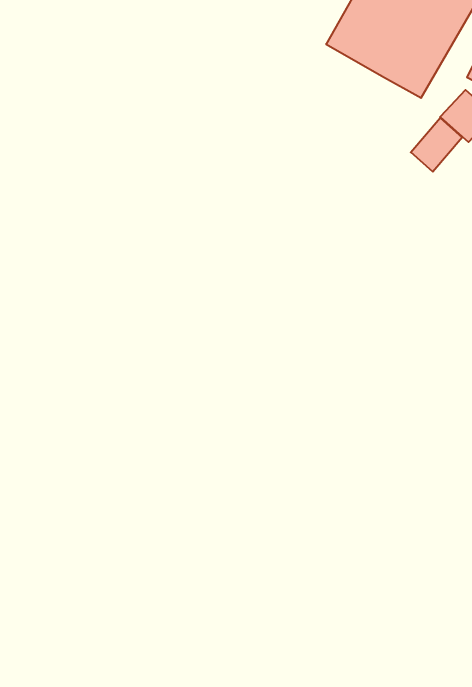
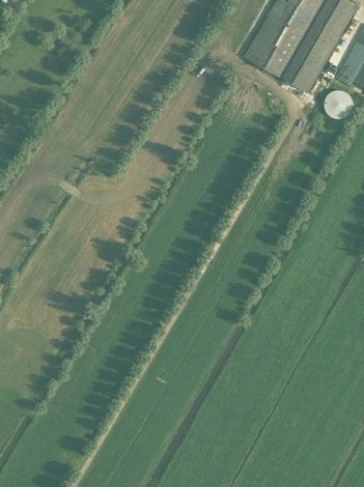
building: [411,118,462,172] -> none

